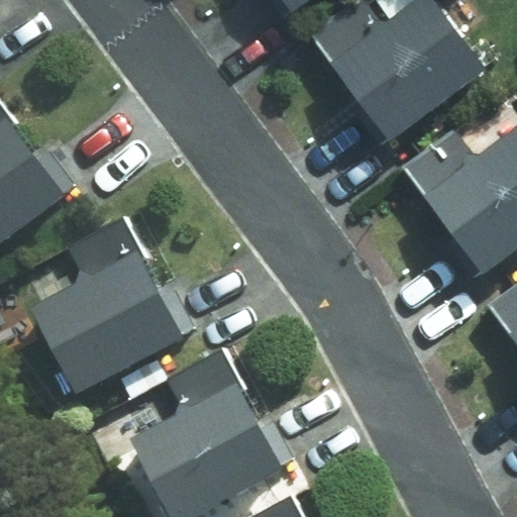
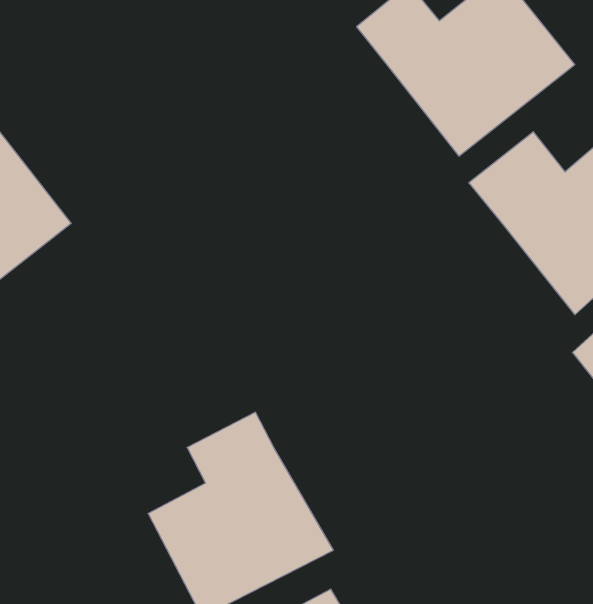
building: [35,220,183,392] -> none

